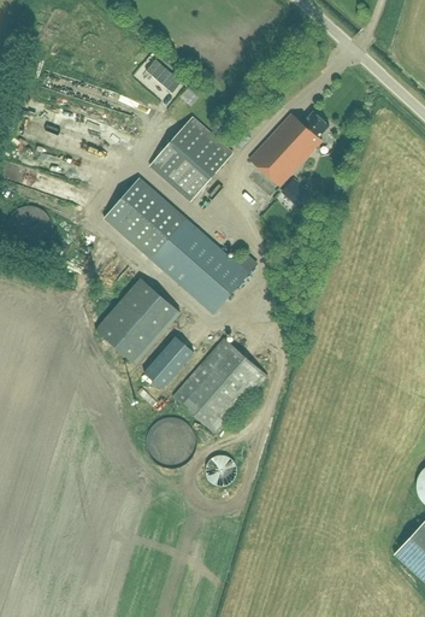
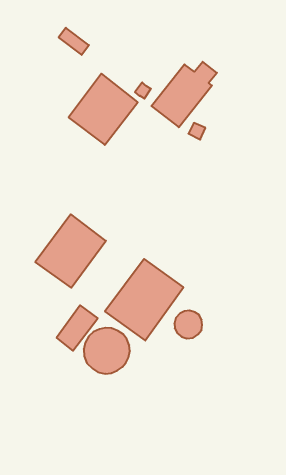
building: [104,177,248,313] -> none
building: [143,335,194,388] -> [57,305,98,351]
building: [206,456,238,488] -> [174,311,202,338]

